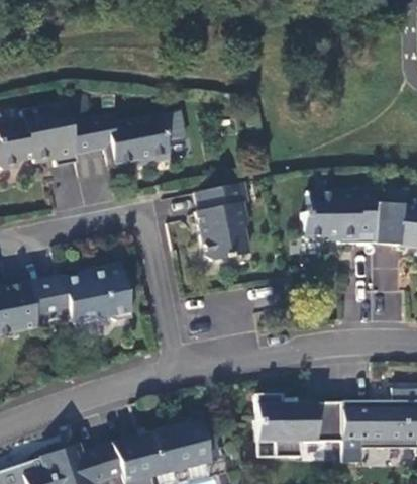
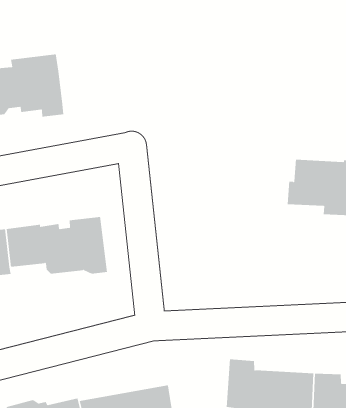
building: [68,113,169,166] -> none
building: [194,182,248,262] -> none

